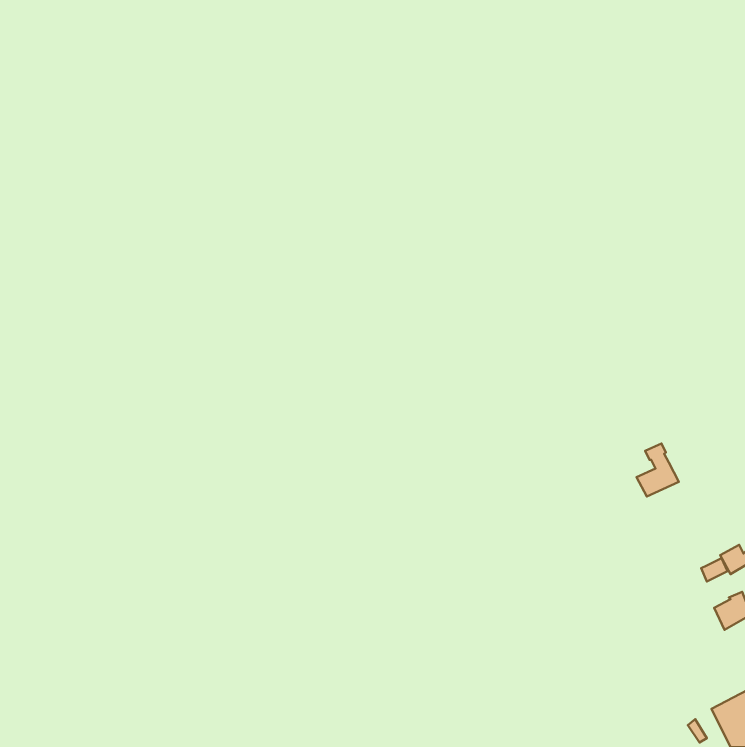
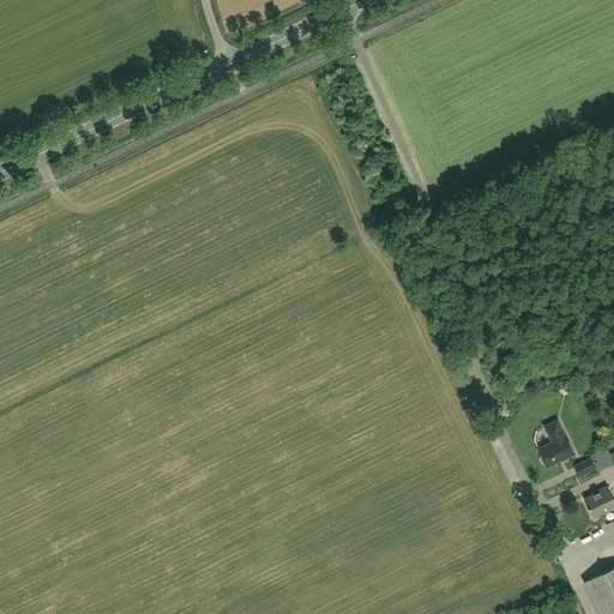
building: [636,444,679,496] -> [538,425,573,468]

